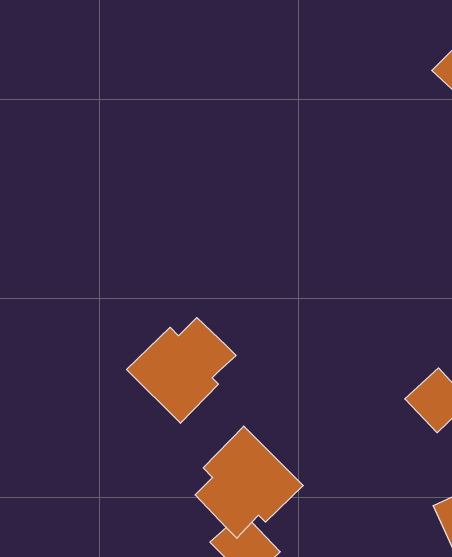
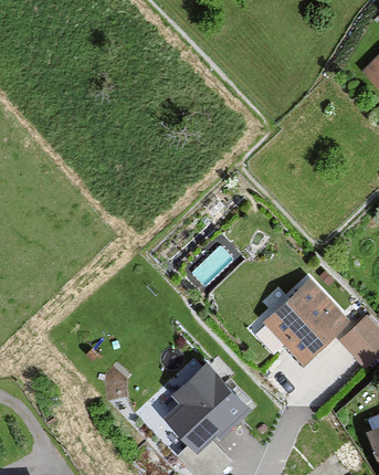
building: [127,318,236,423] -> none
building: none -> [262,278,347,362]

